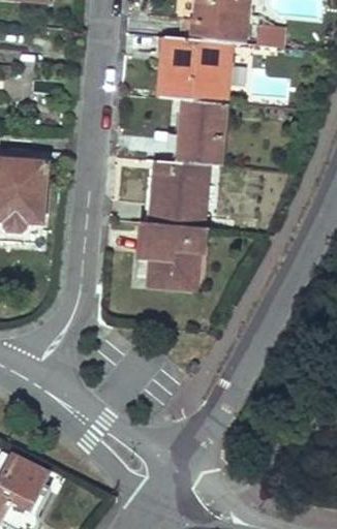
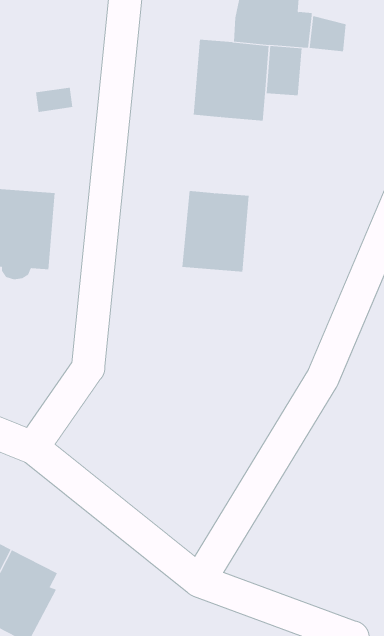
building: [178,99,226,164] -> none
building: [139,221,205,288] -> none

